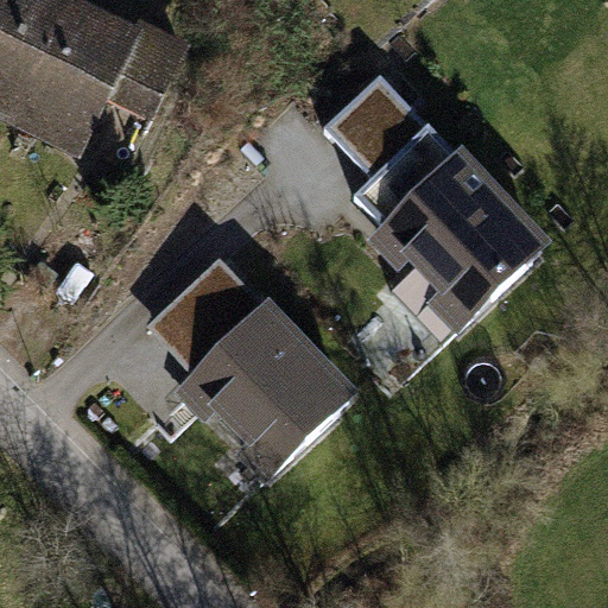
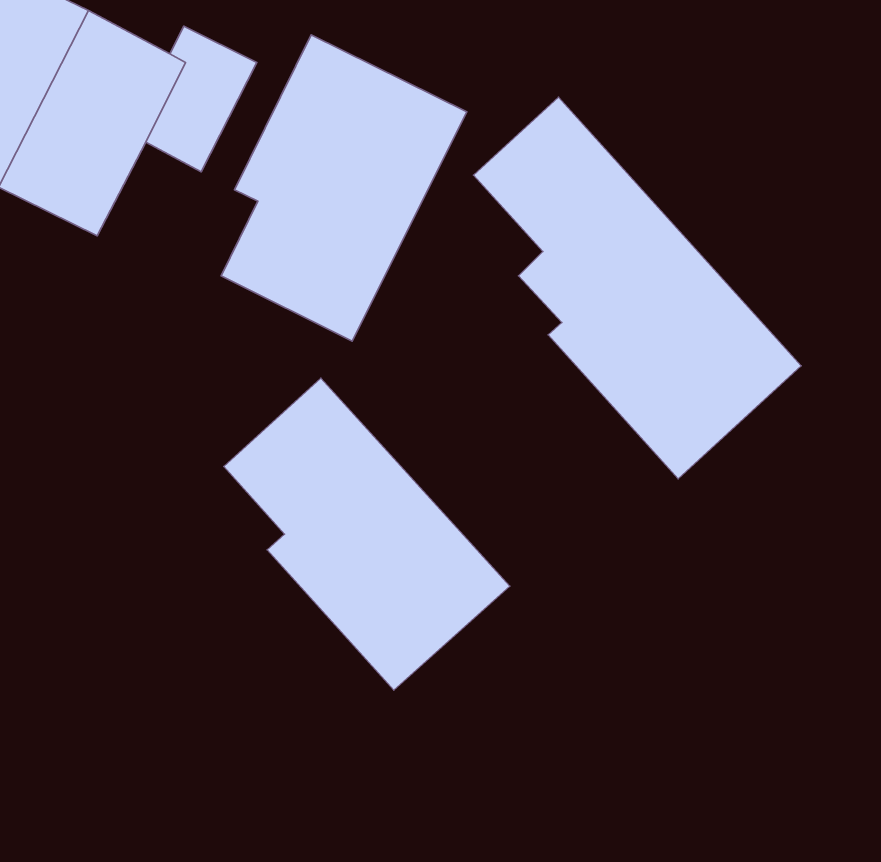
building: none -> [221,35,467,341]

